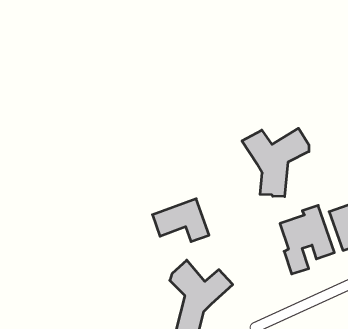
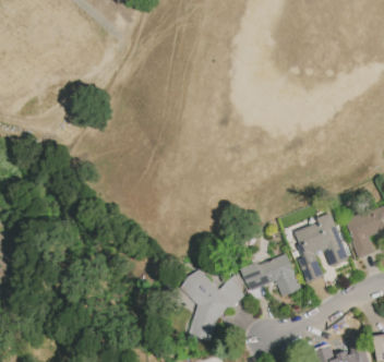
building: [242,128,309,197] -> none
building: [152,199,209,242] -> [242,253,300,297]

